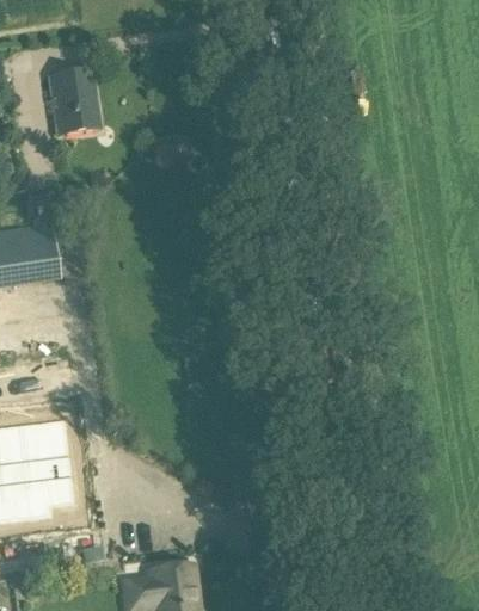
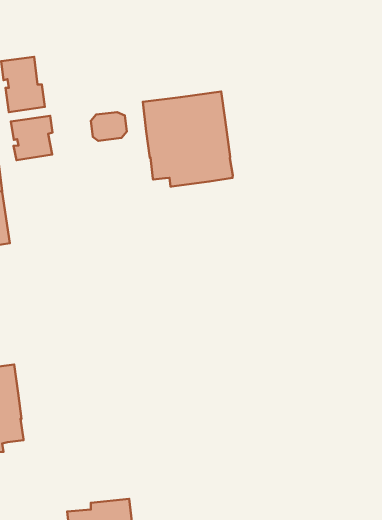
building: none -> [143,91,233,187]
building: none -> [11,116,53,160]

